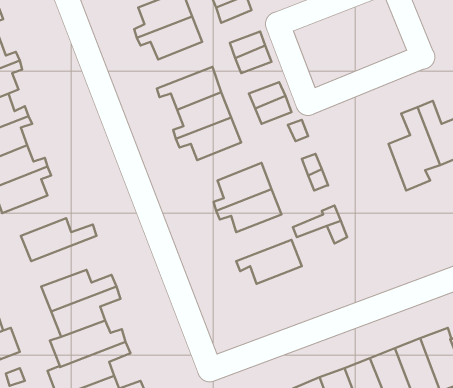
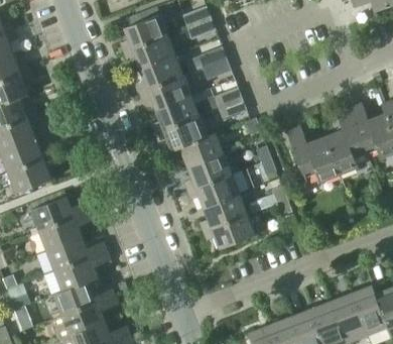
building: none -> [136,55,183,93]
building: none -> [286,127,339,182]
building: none -> [171,133,223,166]
building: none -> [200,194,247,231]
building: none -> [38,211,95,251]

